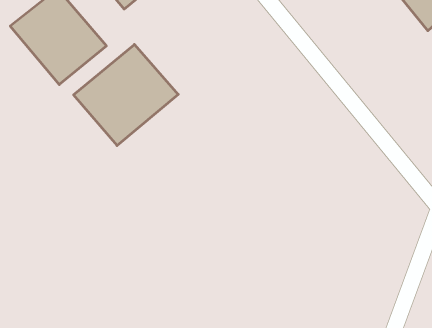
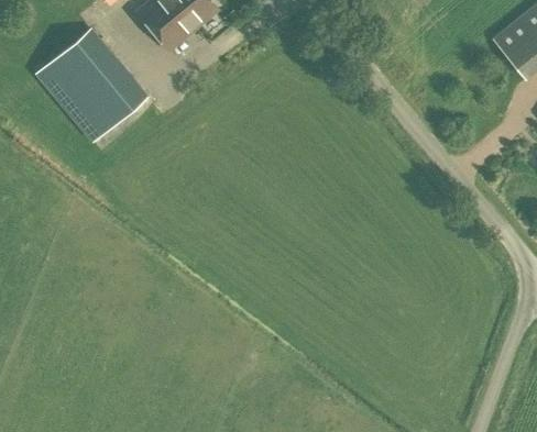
building: [74,44,178,146] -> none

